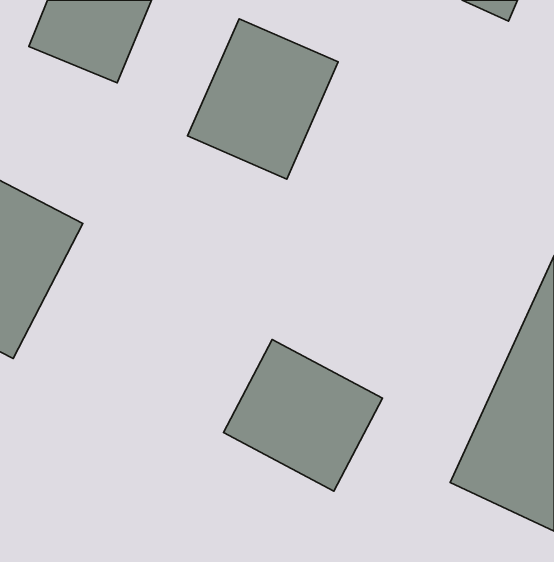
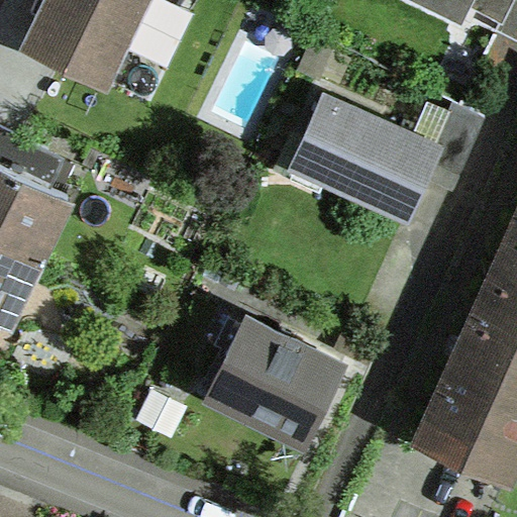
building: [188,19,338,179] -> none
building: none -> [294,99,434,214]

